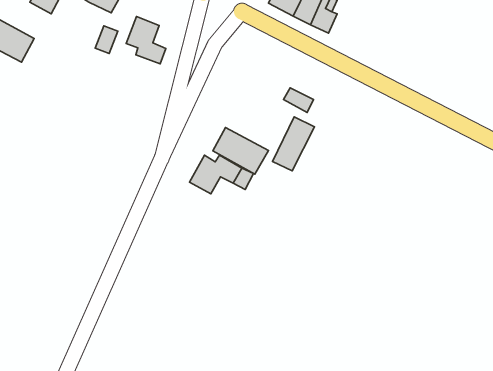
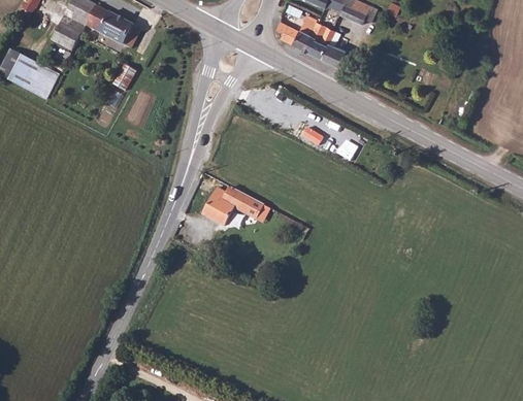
building: [126,17,166,64] -> none
building: [272,117,314,171] -> none
building: [213,127,268,174] -> none

